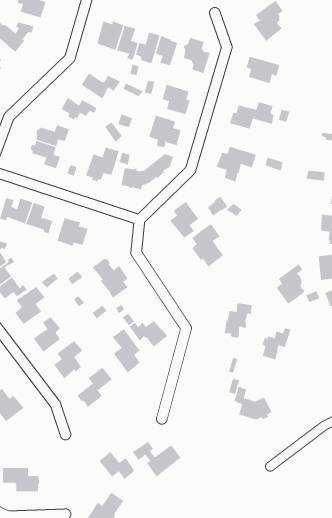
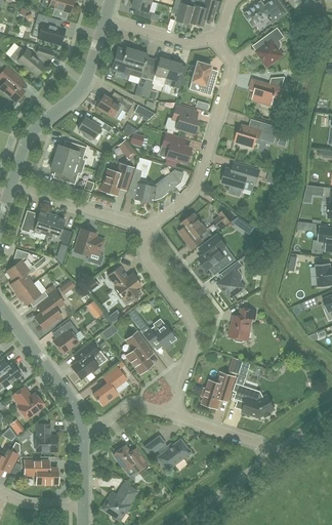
building: [276,264,306,305] -> [217,258,245,296]
building: [262,327,291,361] -> none
building: none -> [201,371,235,406]
building: none -> [35,422,56,449]

